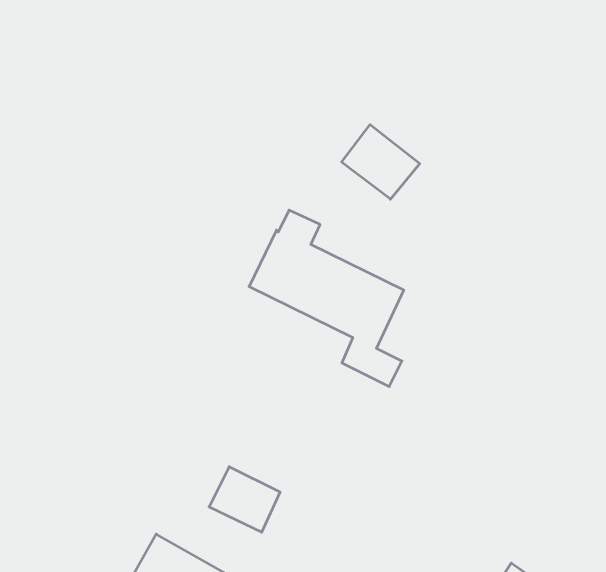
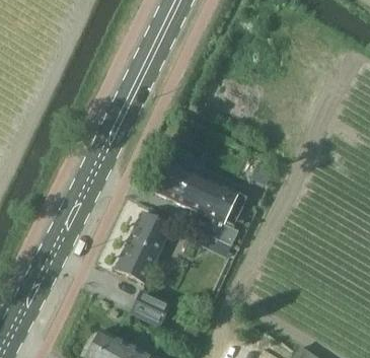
building: [342,125,420,199] -> none
building: none -> [116,212,172,283]

